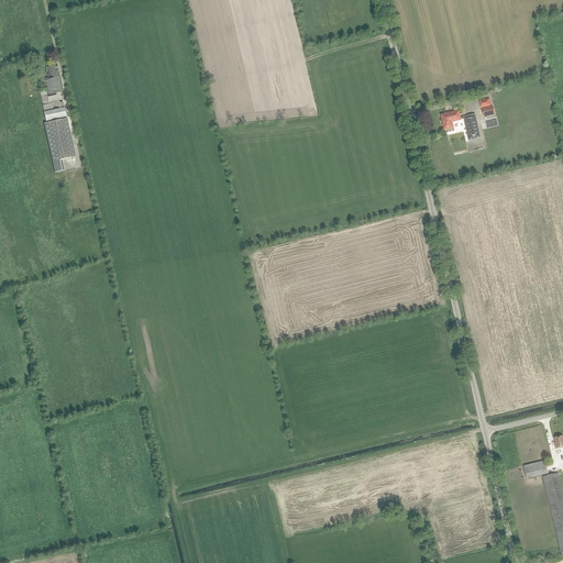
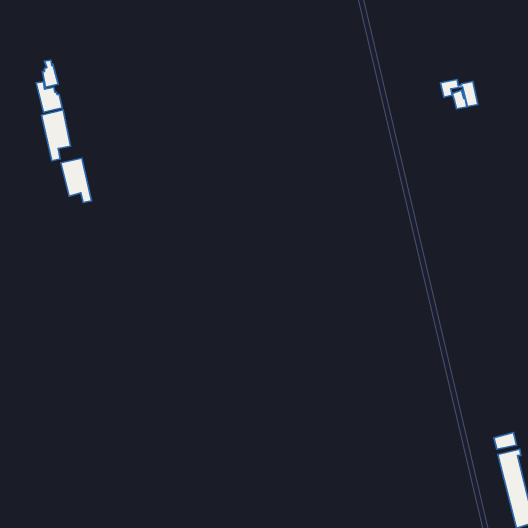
building: [443,110,483,139] -> [441,80,478,107]
building: none -> [61,158,91,202]

